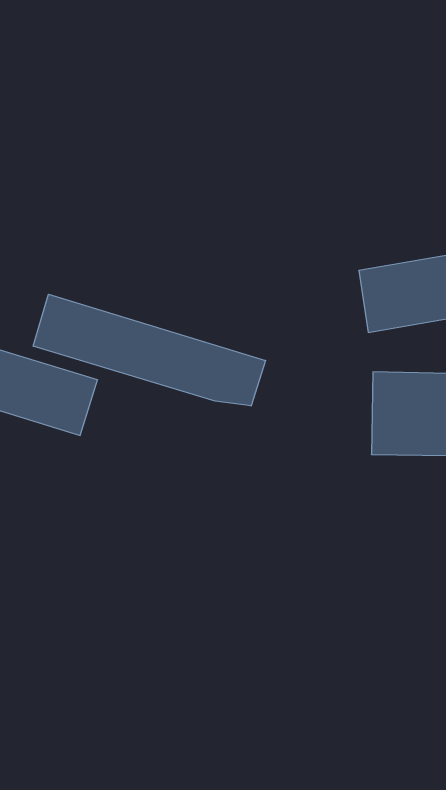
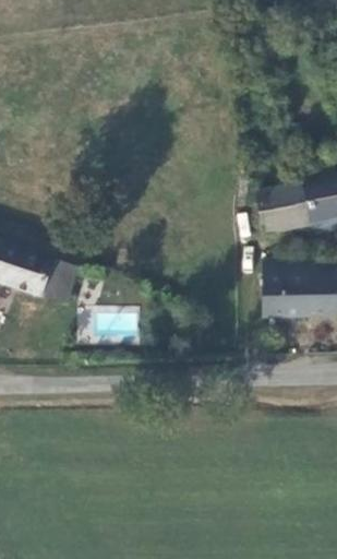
building: [33,294,266,406] -> none

